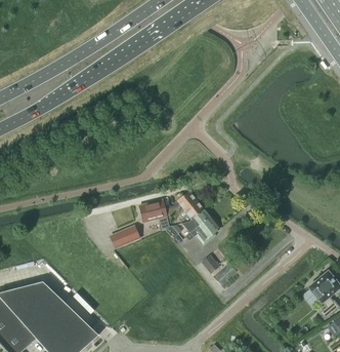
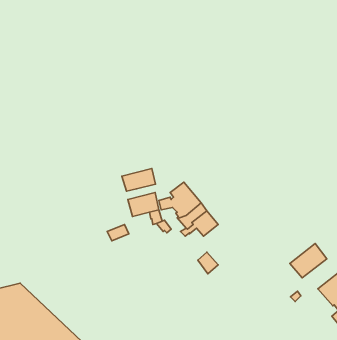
building: none -> [122,168,156,191]
building: none -> [290,244,327,278]

